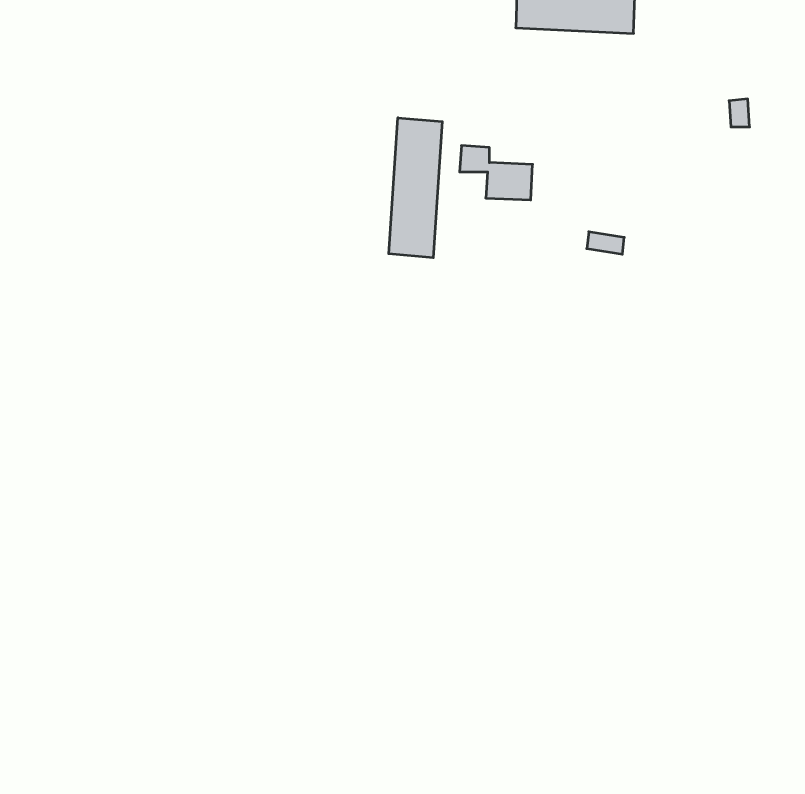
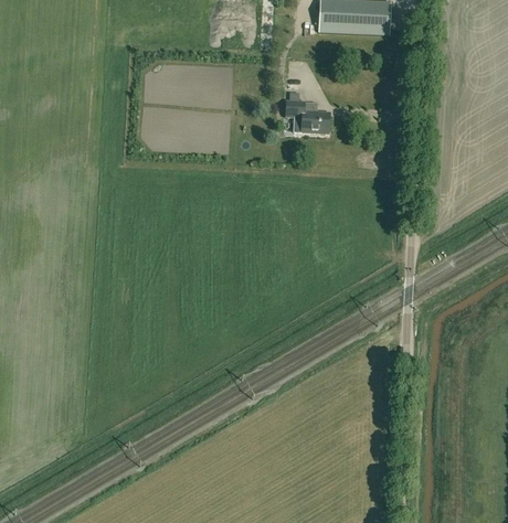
building: [389,118,442,258] -> none

